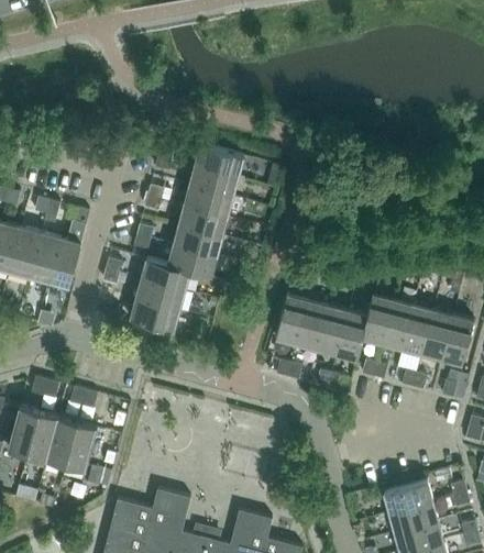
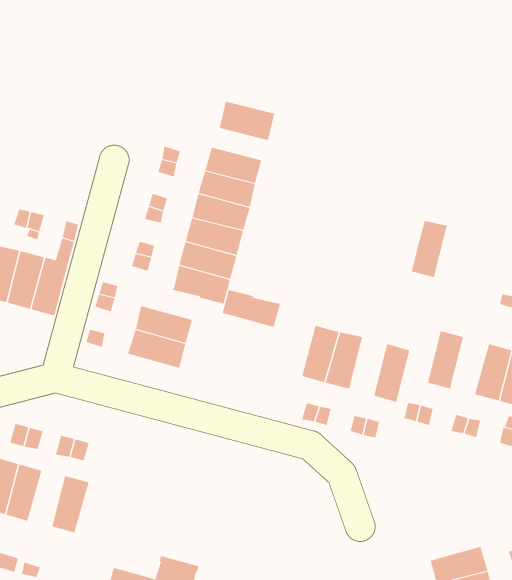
building: none -> [219,101,275,141]
building: [141,258,190,290] -> [222,290,281,328]
building: [362,295,393,343] -> [411,220,448,278]
building: [317,305,348,354] -> none
building: [402,305,433,353] -> none
building: [46,417,77,464] -> none

